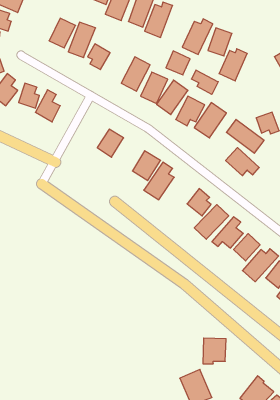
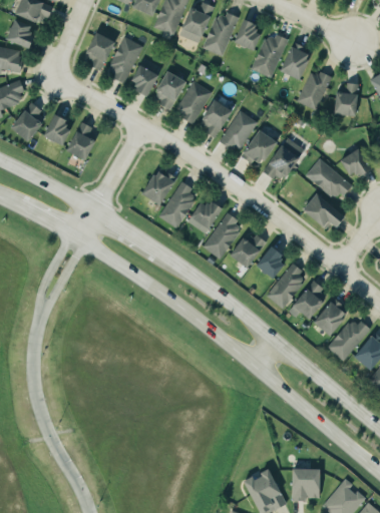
building: none -> [153,71,185,110]
building: [166,51,190,75] -> [235,20,265,50]
building: none -> [335,82,358,115]
building: [191,70,218,94] -> none
building: none -> [157,180,195,228]
building: none -> [231,233,266,268]
building: [203,338,226,364] -> [293,469,322,501]

